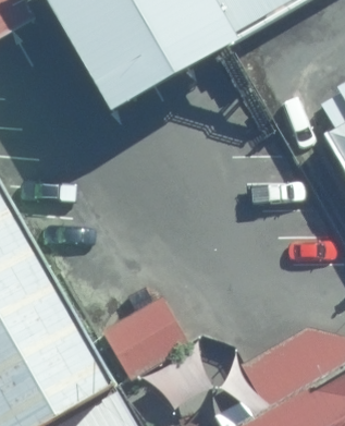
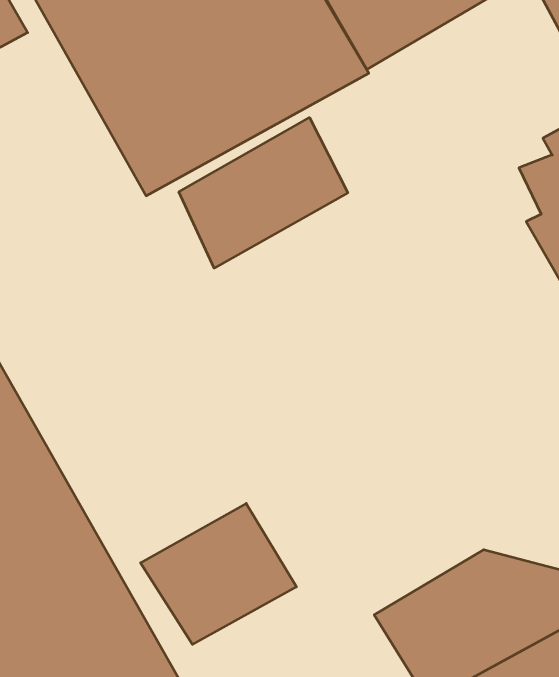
building: none -> [179,118,348,268]

